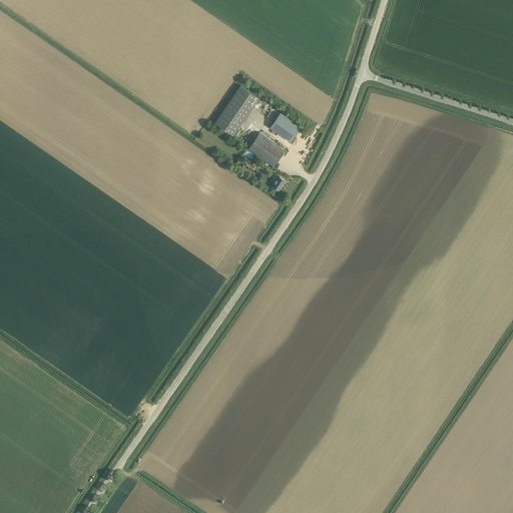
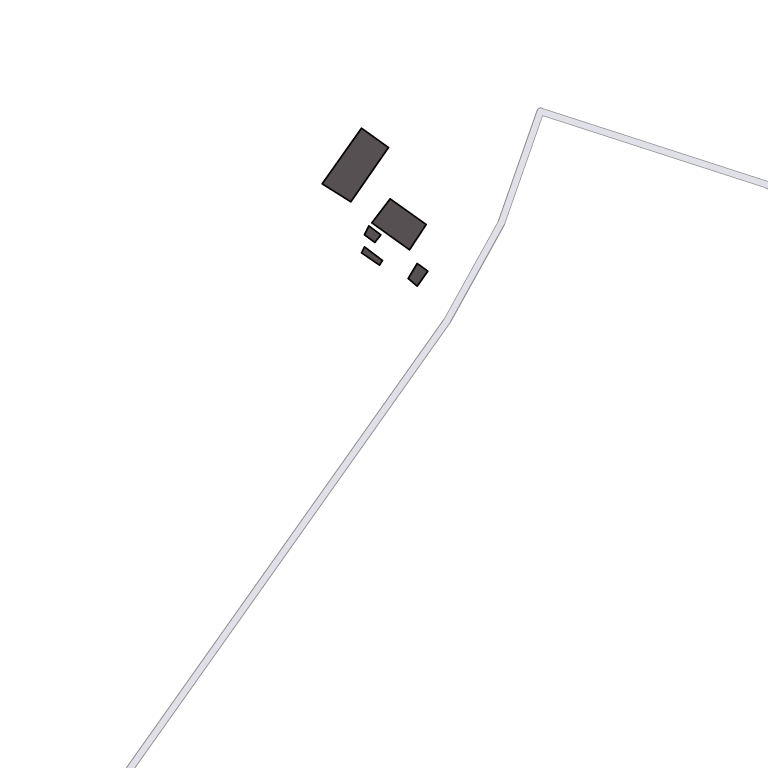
building: [270,113,300,142] -> none

